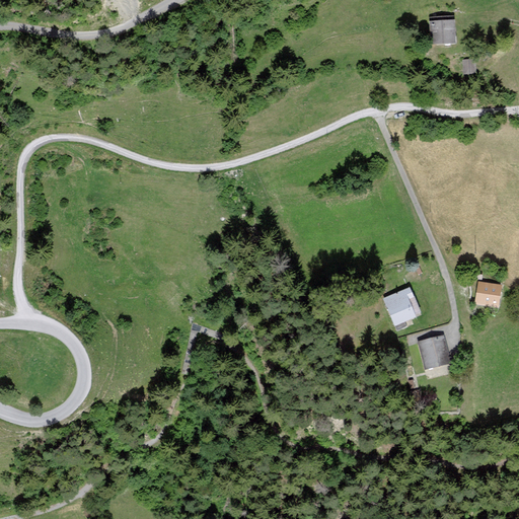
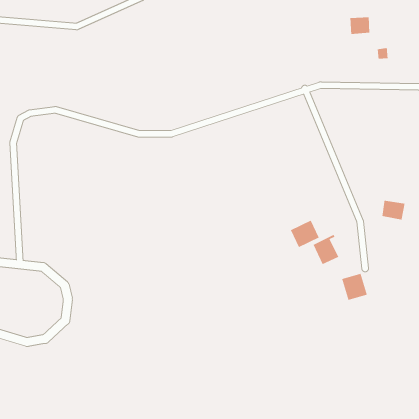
building: none -> [290,219,320,248]
building: [472,281,502,306] -> [381,200,405,221]

